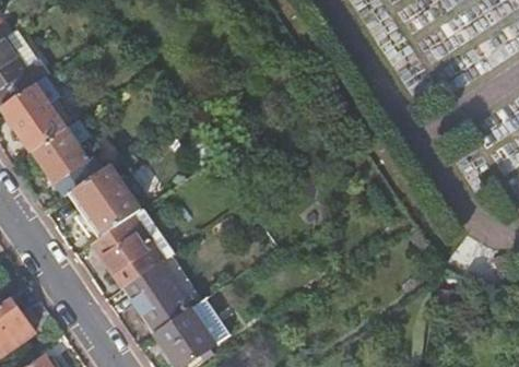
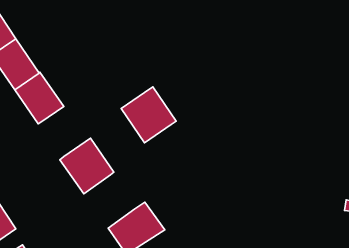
building: [68,165,140,238] -> [121,87,176,143]
building: [125,262,191,332] -> none

